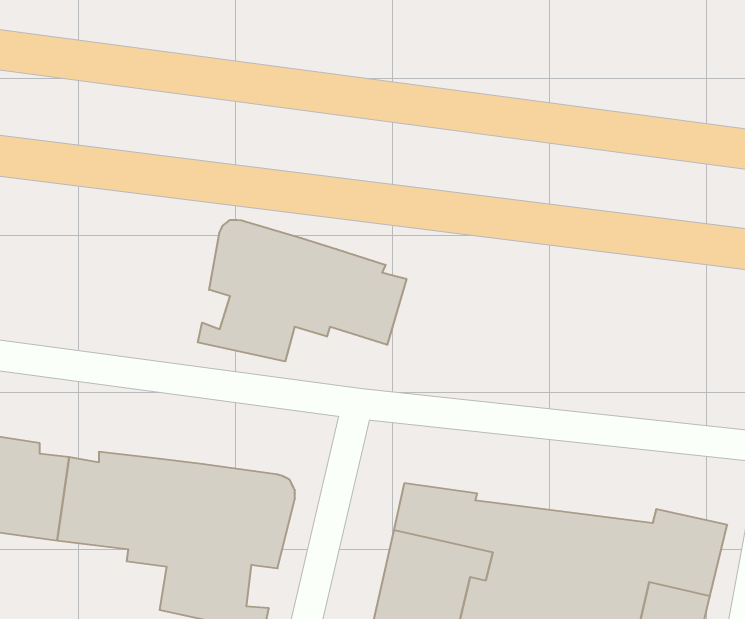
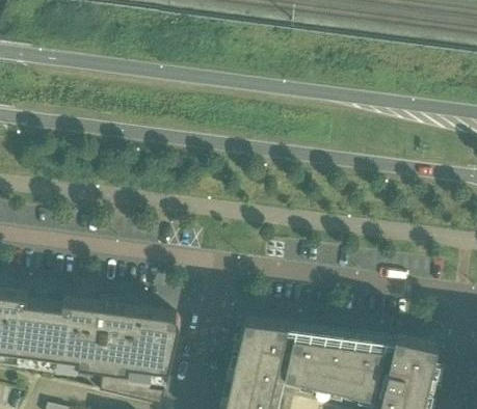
building: [198,220,406,361] -> none

